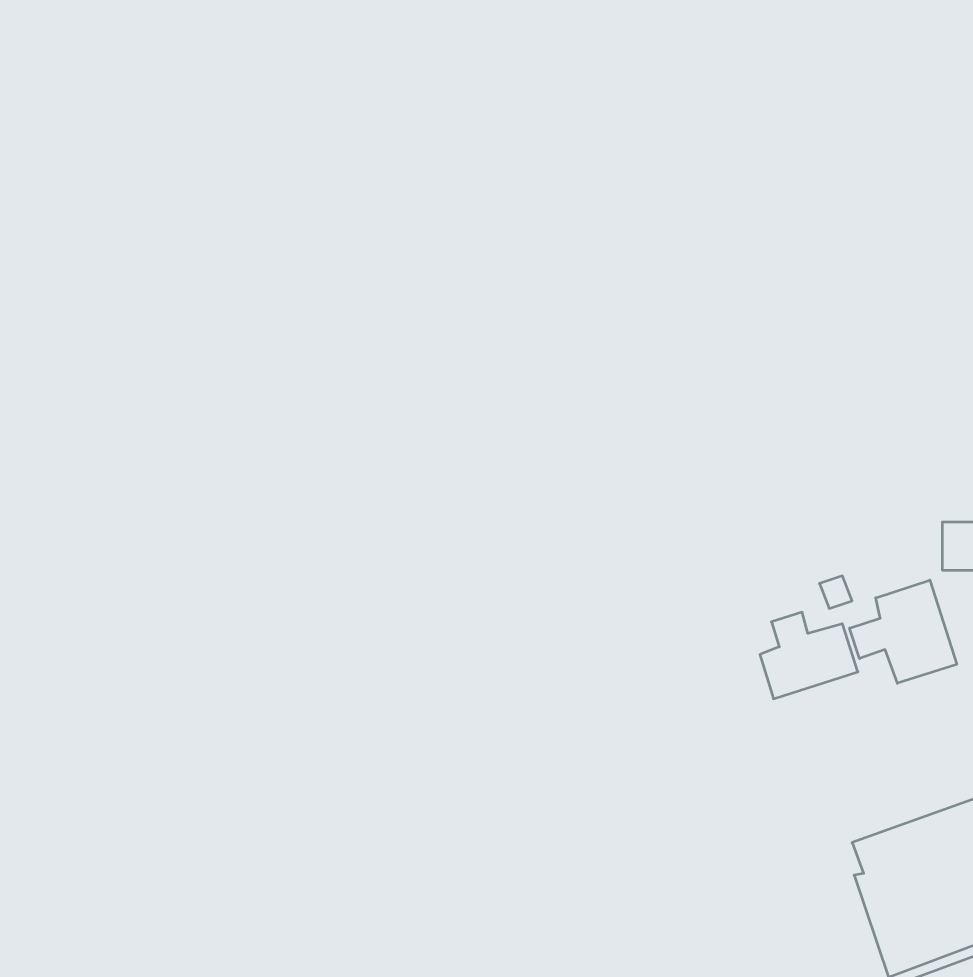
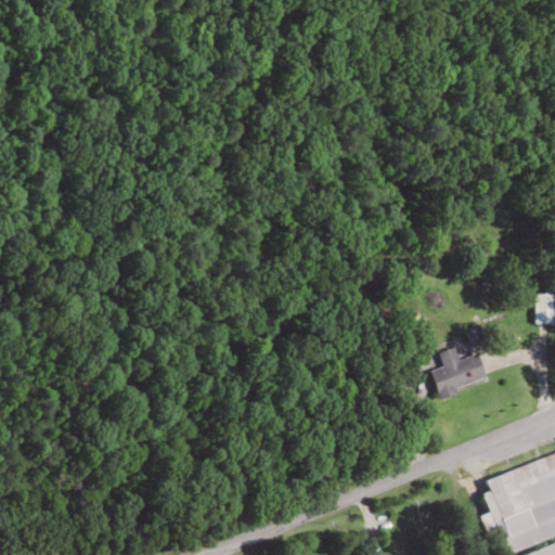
building: [850,580,957,683] -> none

